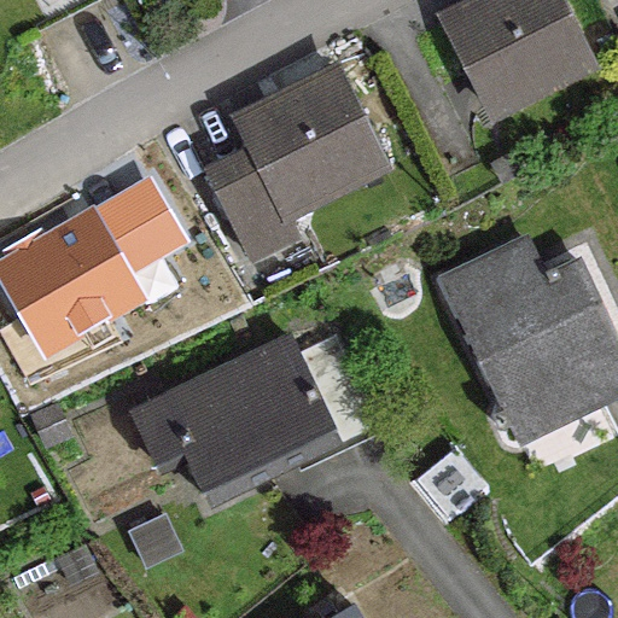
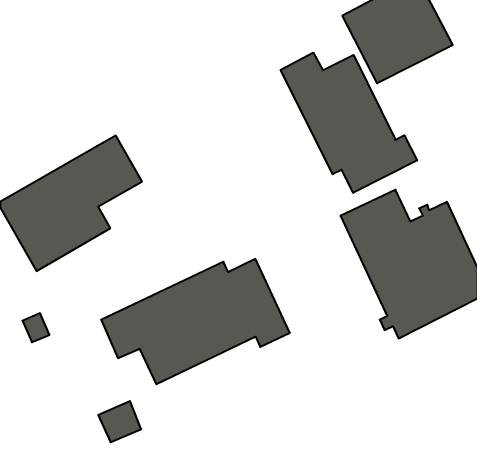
building: none -> [281,53,417,193]
building: [204,70,380,253] -> none

